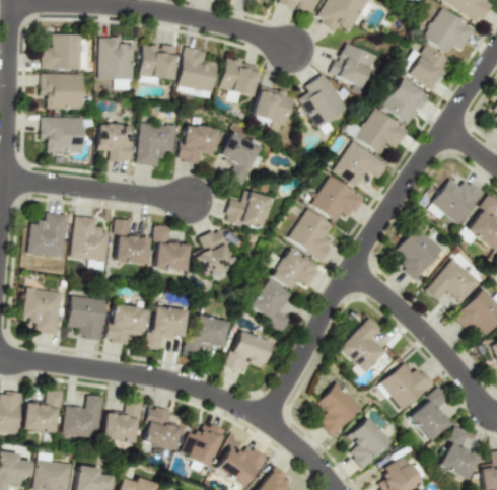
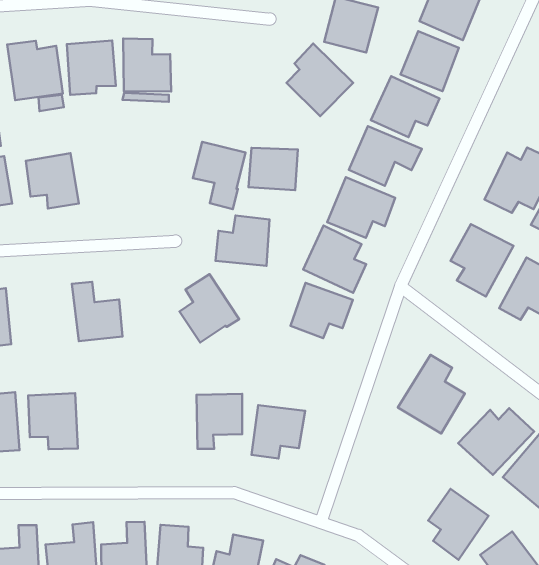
building: [219,58,261,102] -> none
building: [254,87,294,124] -> [249,148,298,190]
building: [136,121,178,166] -> none
building: [180,124,218,163] -> none
building: [72,216,111,262] -> none
building: [155,225,189,271] -> none
building: [251,279,292,333] -> none
building: [109,304,146,343] -> none
building: [149,306,187,350] -> none
building: [315,377,368,437] -> none

